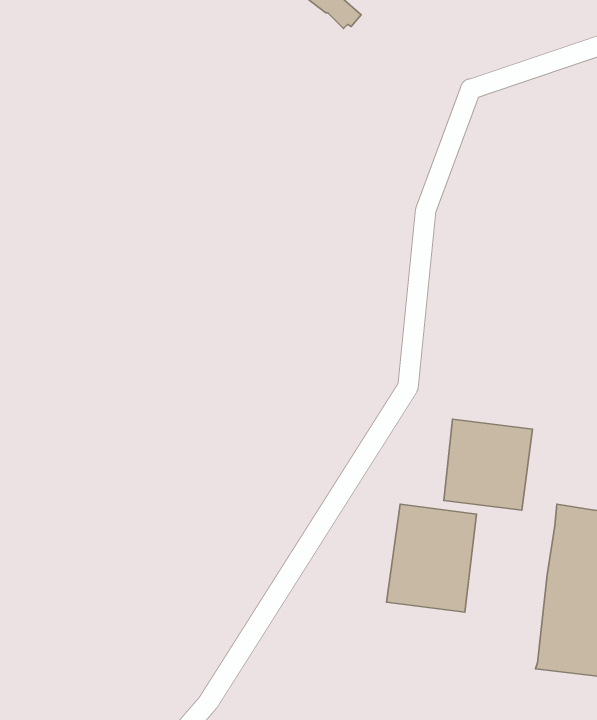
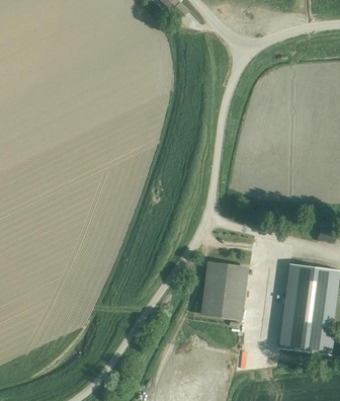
building: [444,419,533,510] -> none

